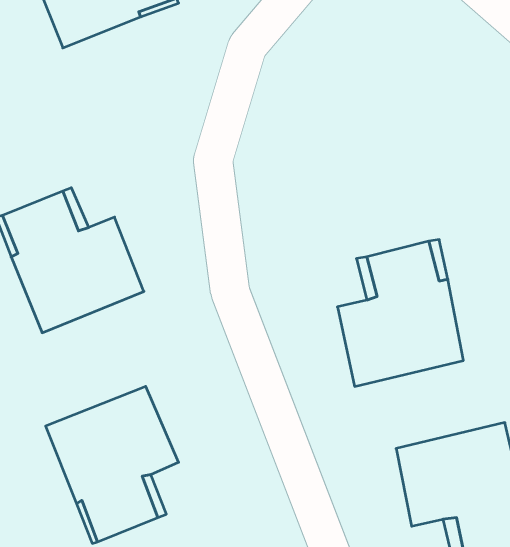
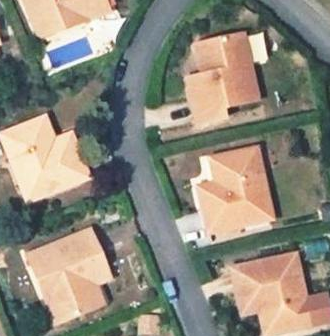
building: none -> [189,34,258,123]

